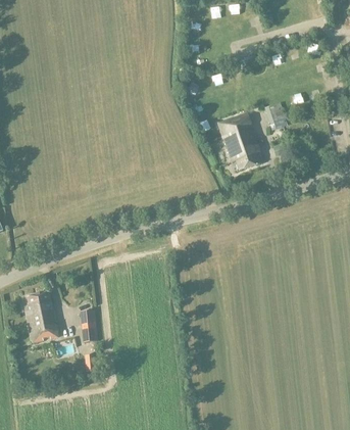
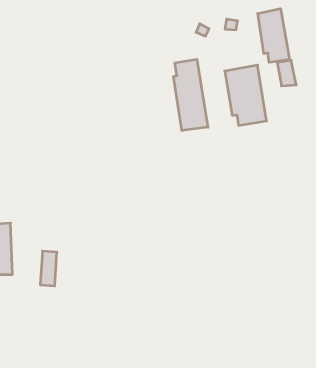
building: none -> [258,9,289,62]
building: none -> [173,59,208,131]

